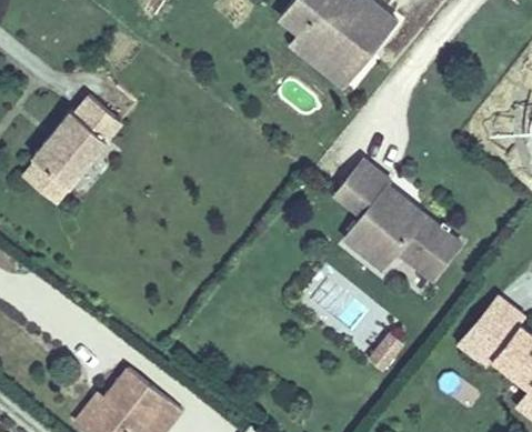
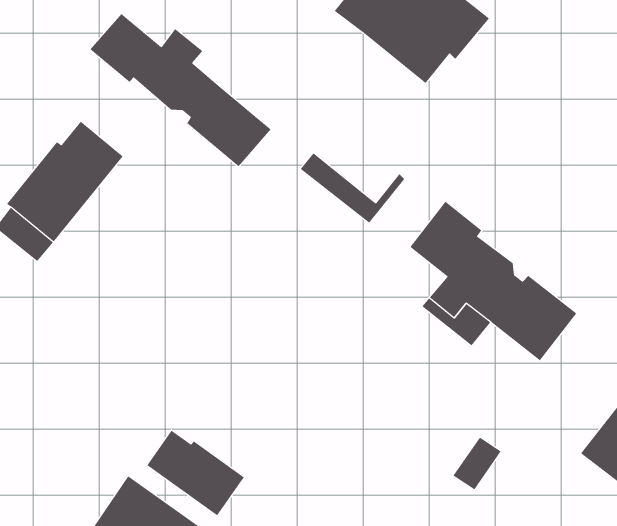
building: none -> [89,13,271,167]
building: [290,34,369,88] -> [300,152,405,224]
building: none -> [146,430,245,516]

